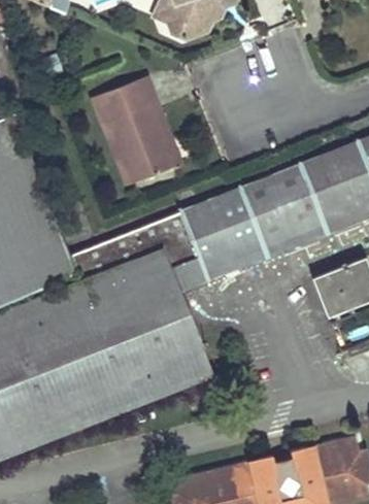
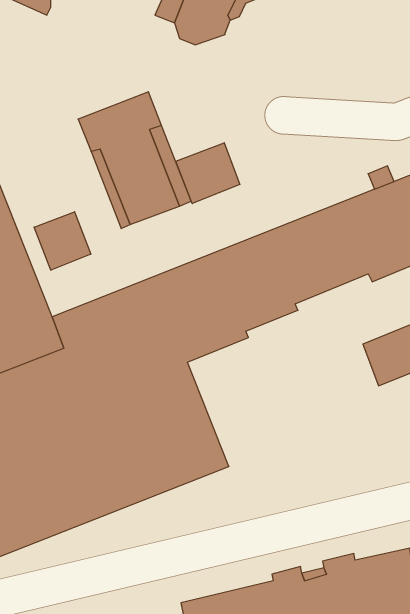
building: none -> [176,143,240,204]
building: none -> [34,212,91,270]

